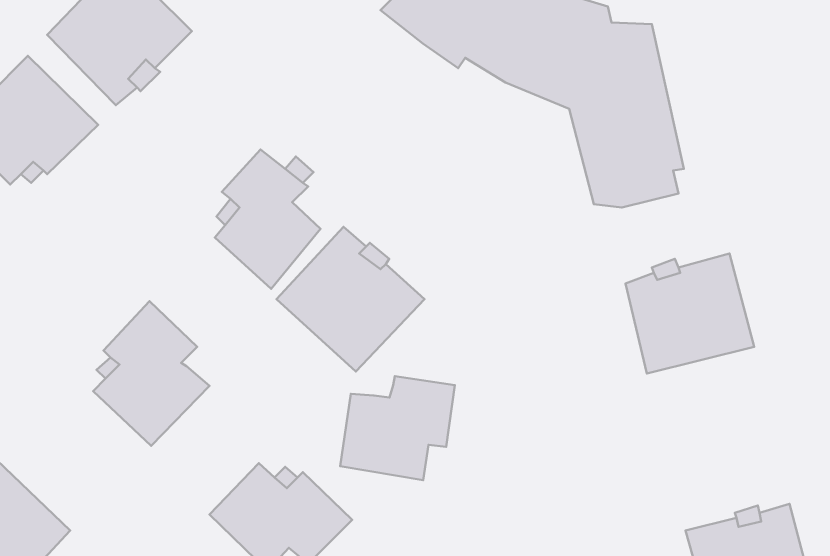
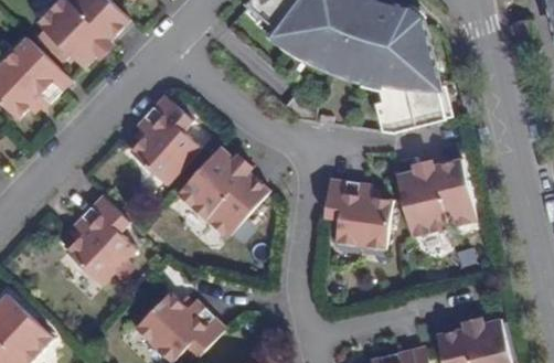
building: [340,376,455,480] -> [320,182,392,247]

